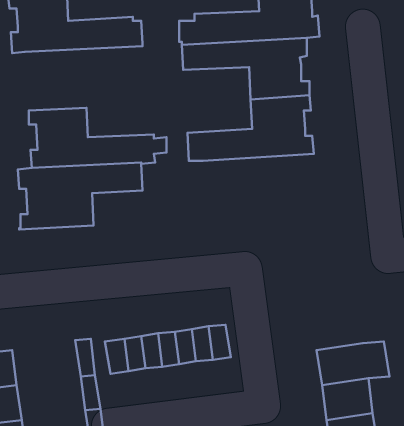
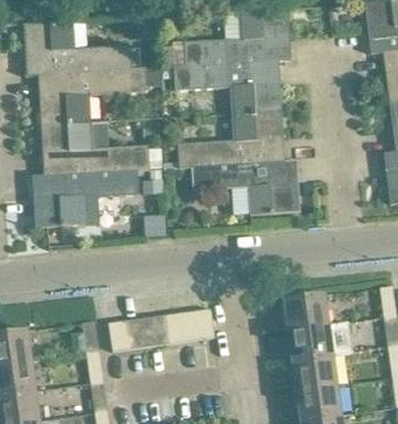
building: none -> [37,66,158,124]
building: none -> [190,161,299,214]
building: none -> [284,294,327,330]

